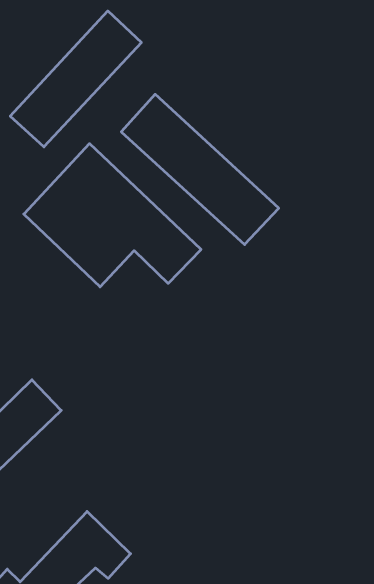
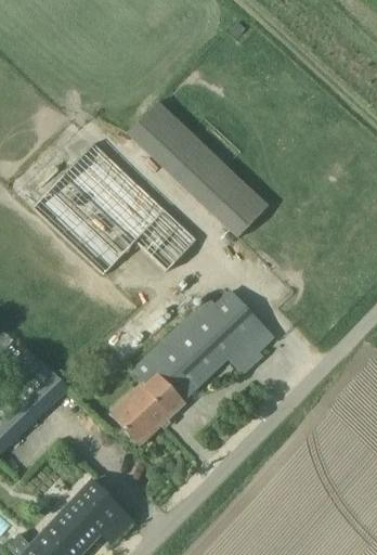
building: [10,11,141,147] -> none
building: none -> [113,291,275,444]

